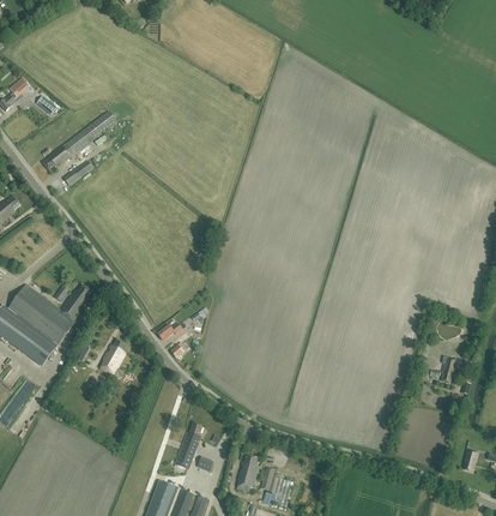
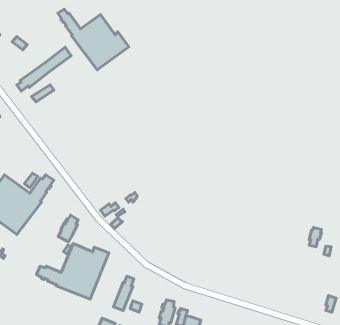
building: none -> [58,9,129,70]
building: none -> [36,244,109,299]

